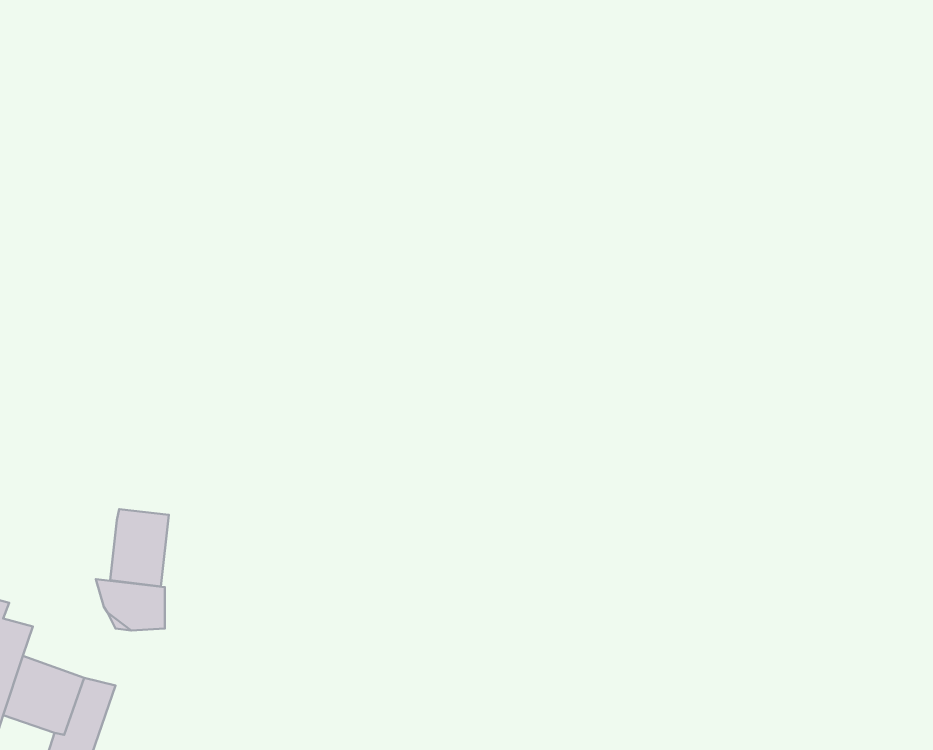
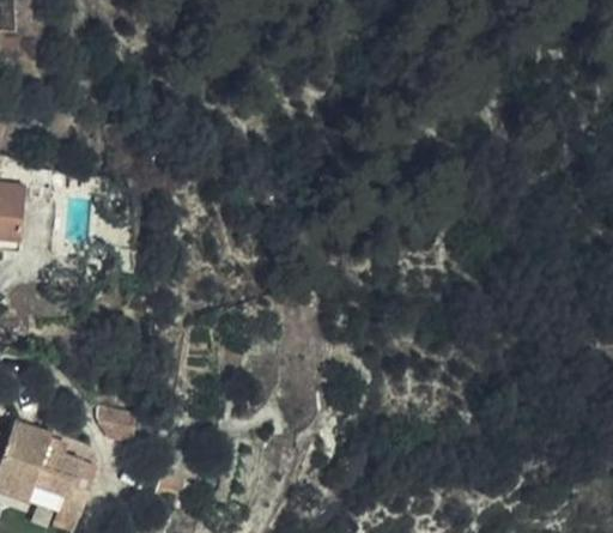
building: [110,509,169,587] -> none

